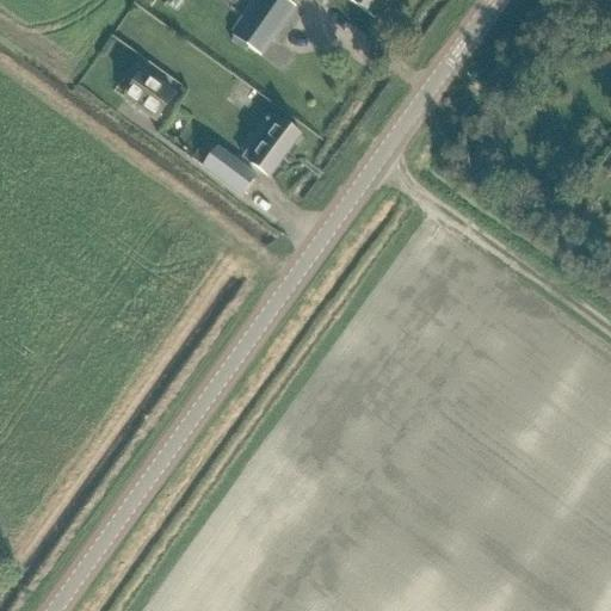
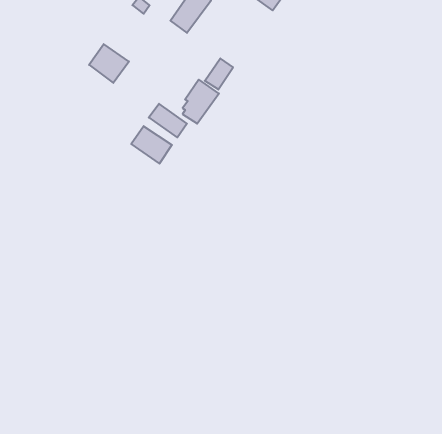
building: none -> [205,58,233,90]
building: none -> [131,126,172,164]

